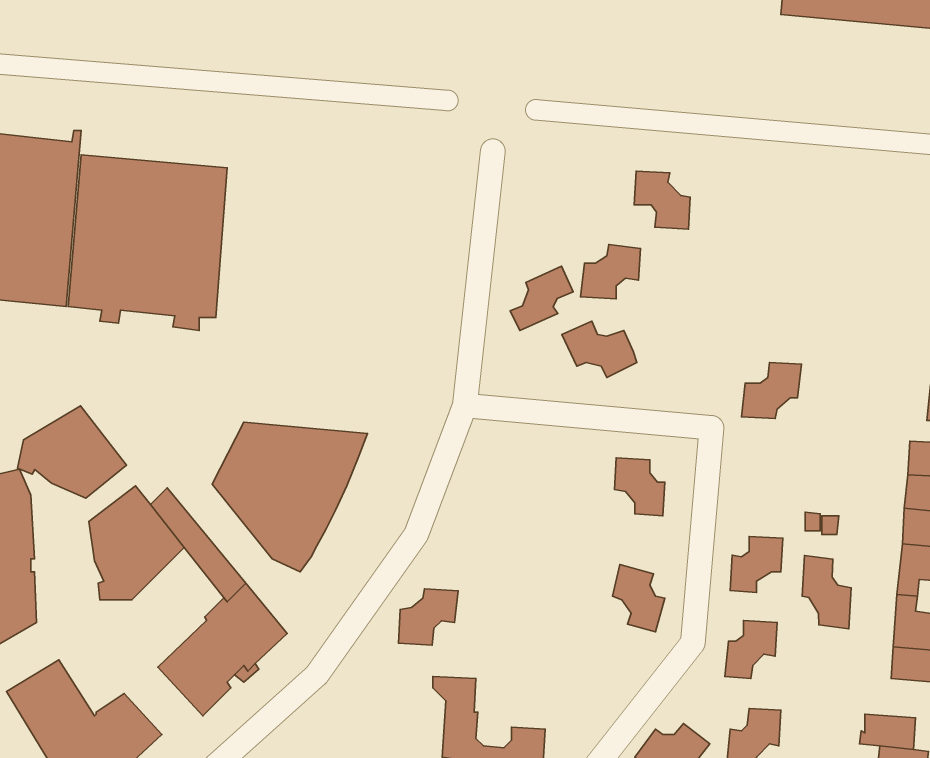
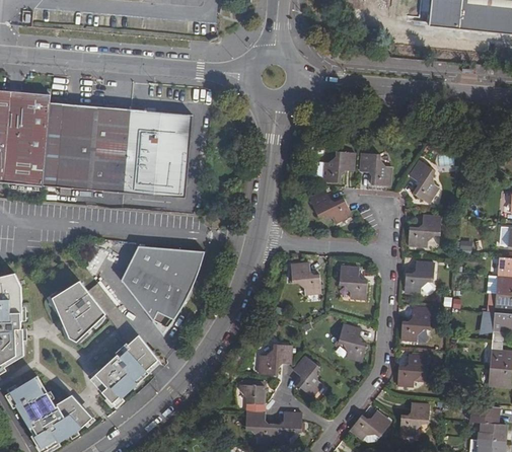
building: none -> [122,109,192,196]
building: [634,171,690,229] -> [359,153,389,184]
building: none -> [409,161,437,202]
building: [510,266,573,331] -> none
building: [17,406,127,498] -> none
building: none -> [404,261,433,291]
building: none -> [289,263,318,293]
building: [802,556,851,629] -> none
building: [398,589,458,645] -> [258,345,290,375]
building: none -> [293,356,319,396]

